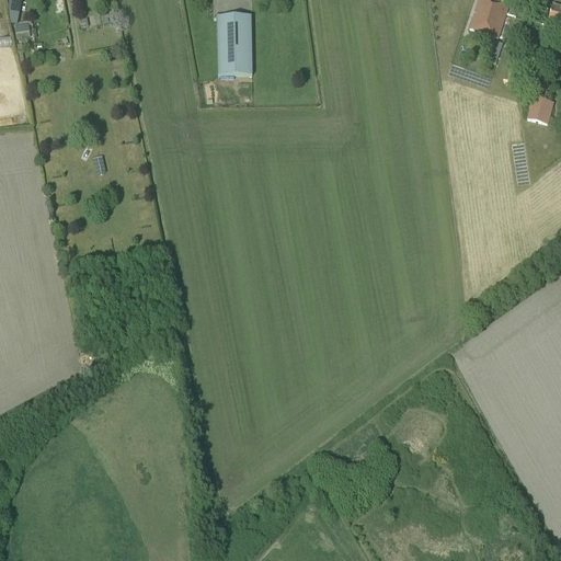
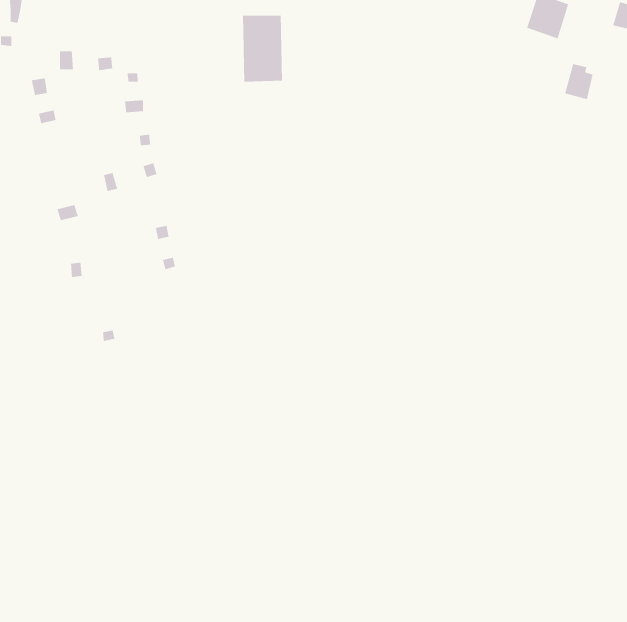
building: [527,89,553,122] -> [564,63,594,100]

